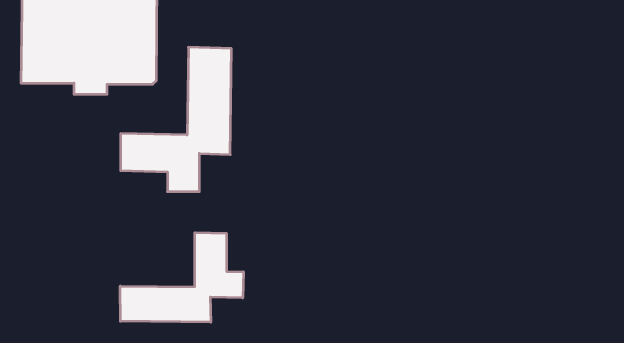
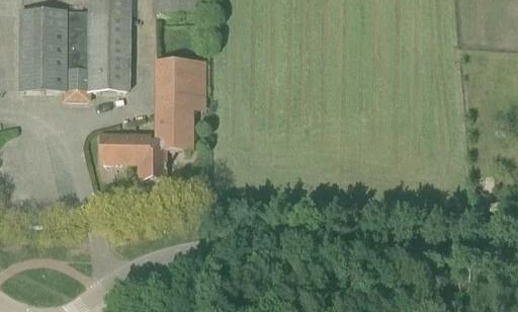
building: [120,233,243,322] -> none

